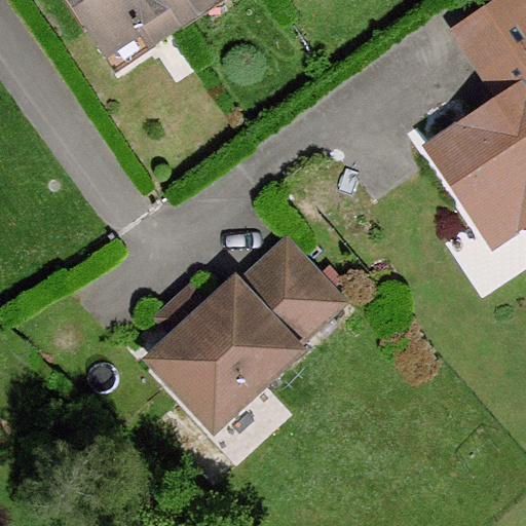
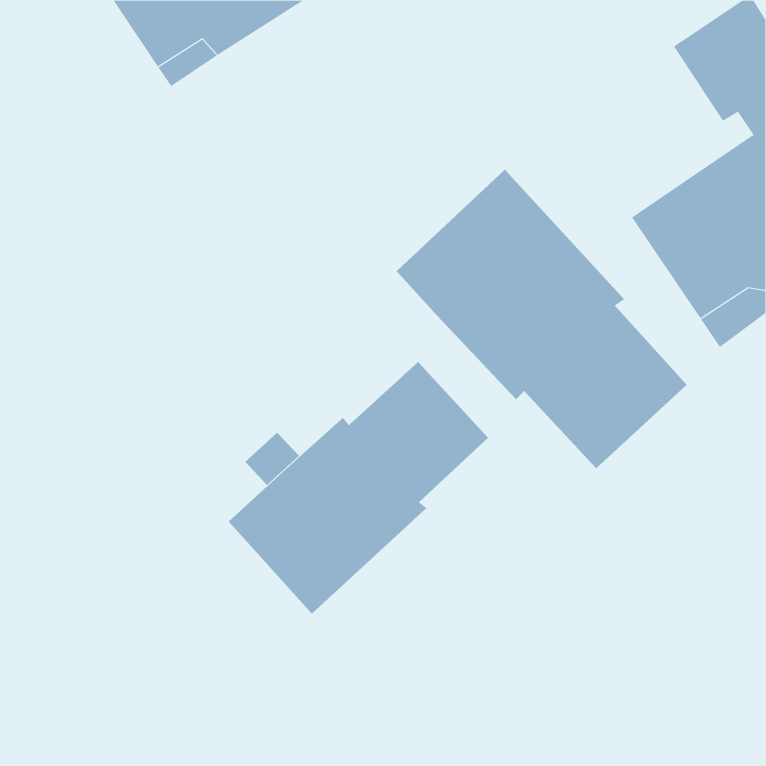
building: none -> [396,169,687,469]

